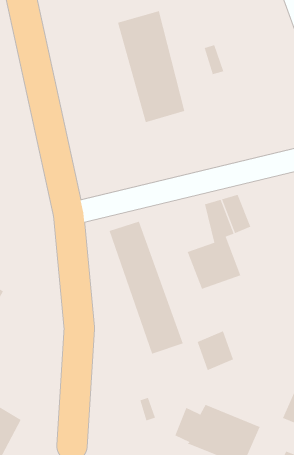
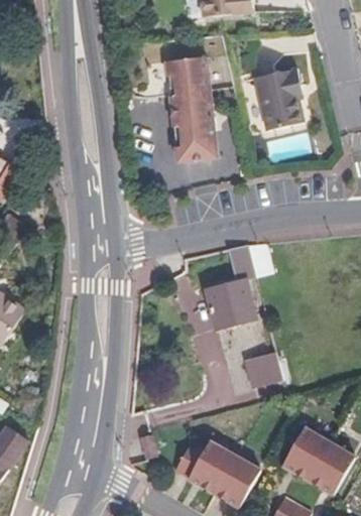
building: none -> [256,64,305,124]
building: [109,221,183,355] -> none
building: [197,331,234,371] -> [247,351,281,388]

